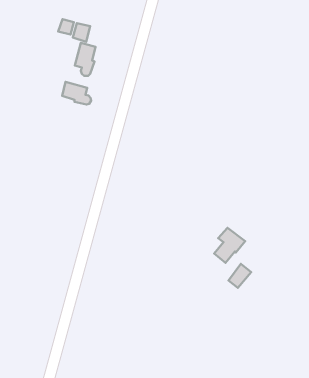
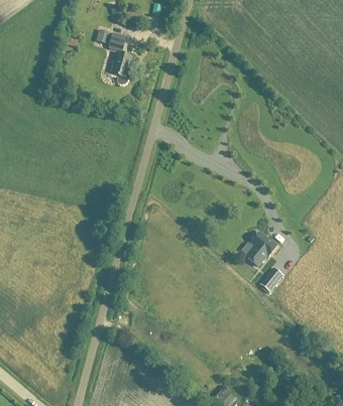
building: [62,82,91,104] -> none

